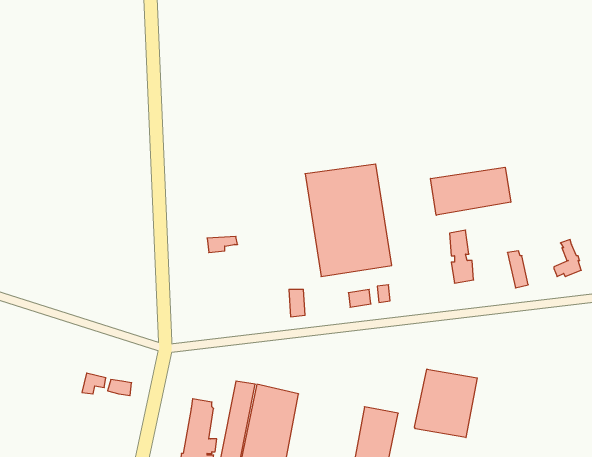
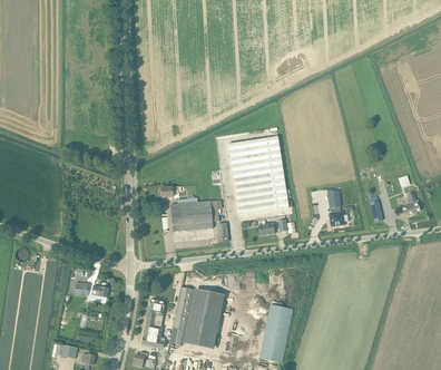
building: [431,167,511,215] -> none
building: none -> [169,197,218,232]
building: [414,369,477,438] -> none

